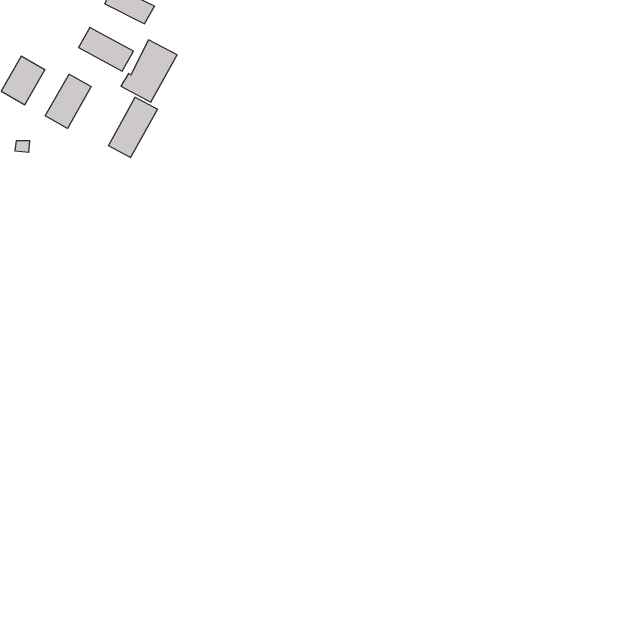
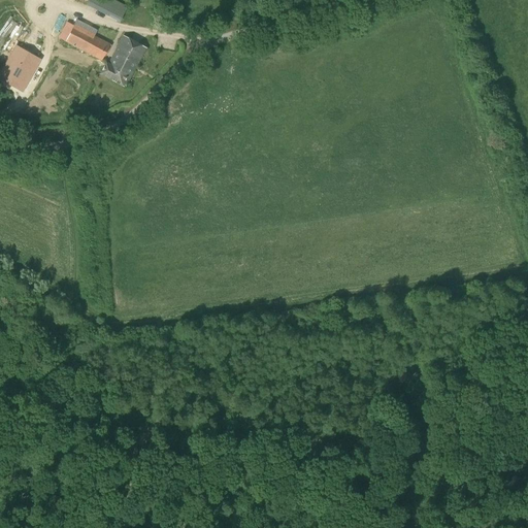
building: [45,74,91,128] -> none
building: [108,97,157,158] -> none

